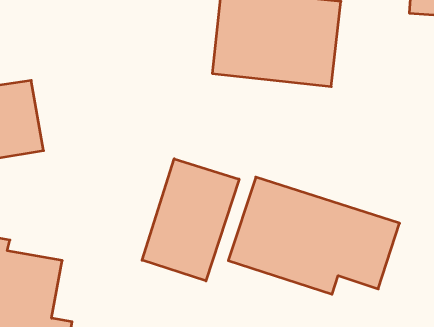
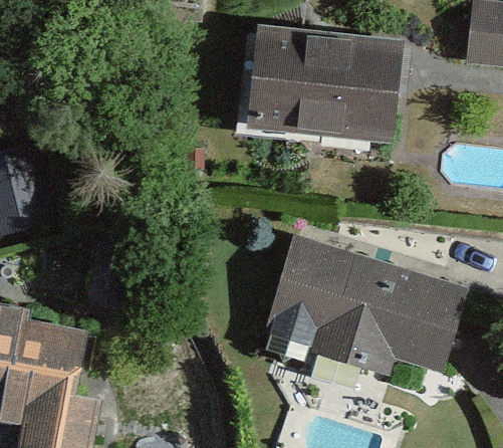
building: [142,159,239,281] -> none

